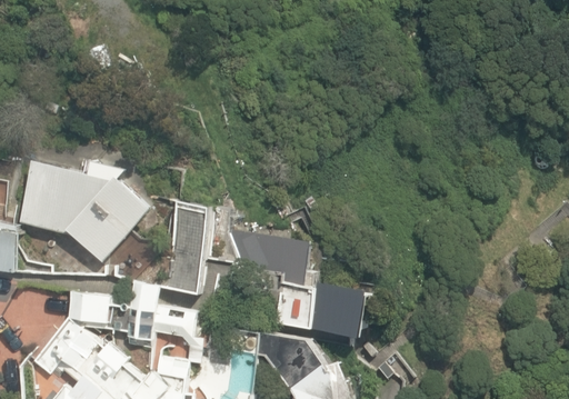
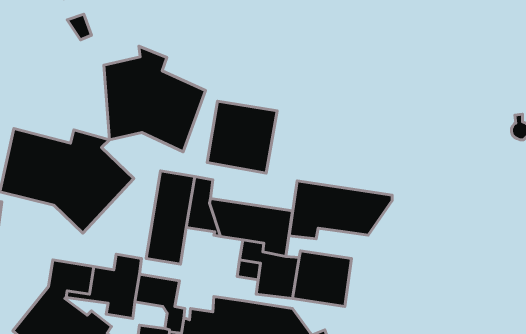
building: none -> [104,46,206,152]
building: none -> [207,101,277,173]
building: none -> [289,181,392,239]

